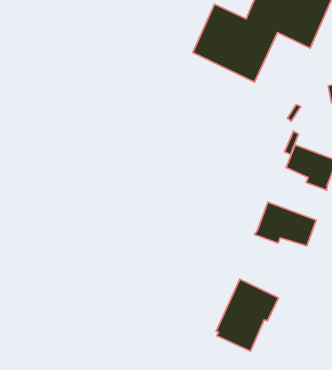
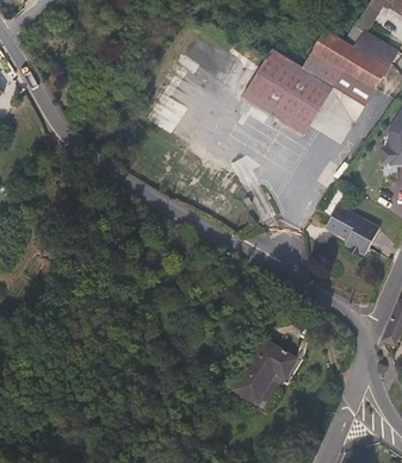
building: [255,202,316,246] -> none

